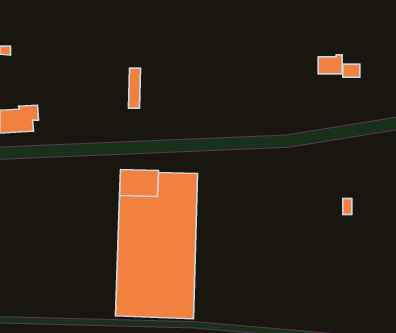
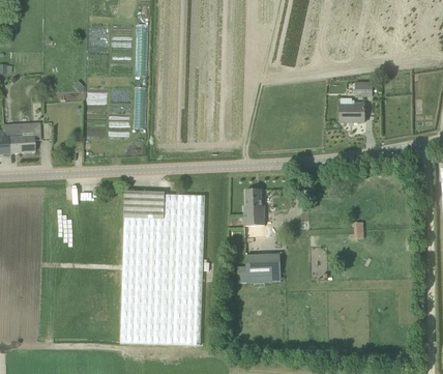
building: [318,55,342,74] -> [339,103,364,122]
building: none -> [244,189,265,236]
building: none -> [245,254,282,283]

